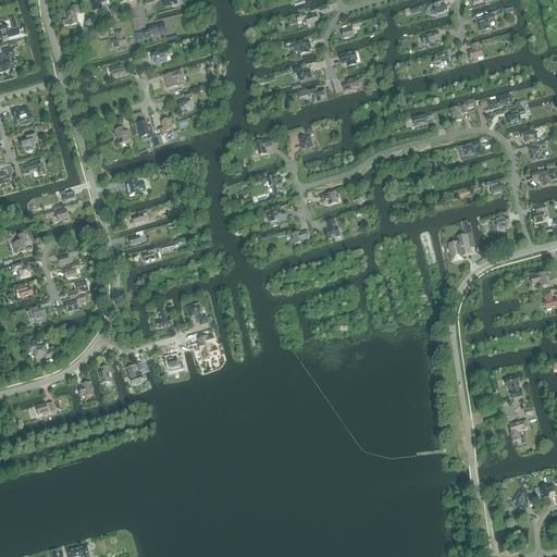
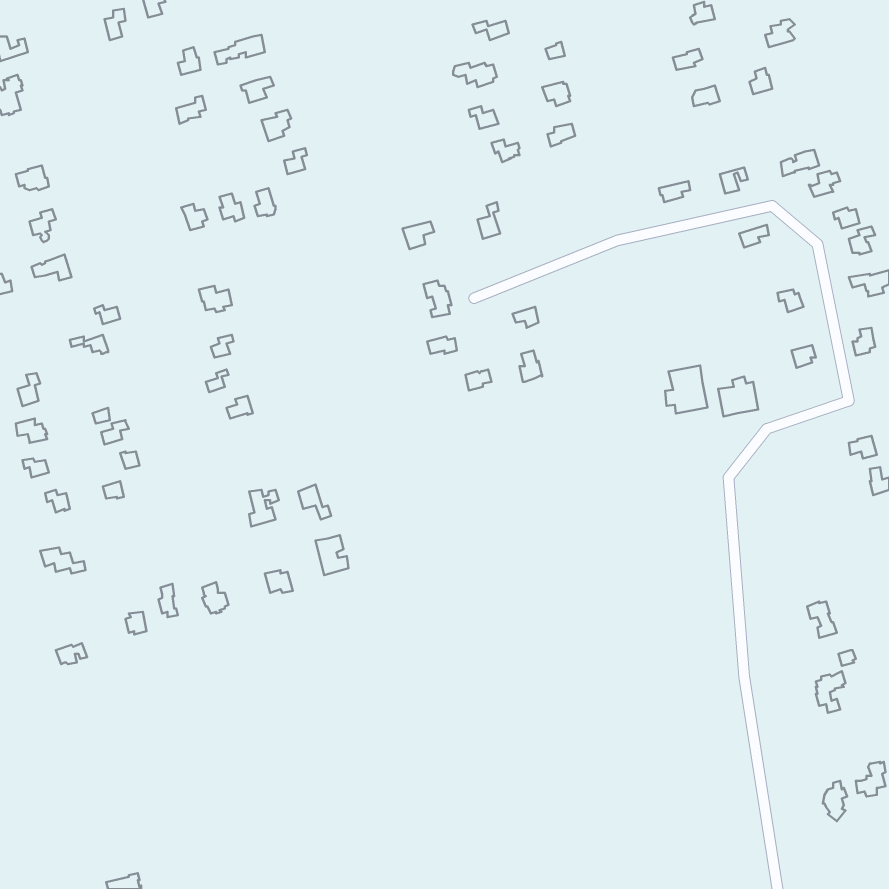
building: none -> [665,366,708,413]

